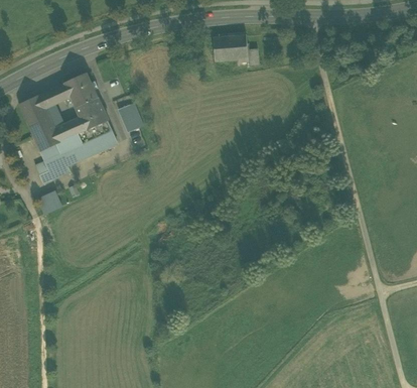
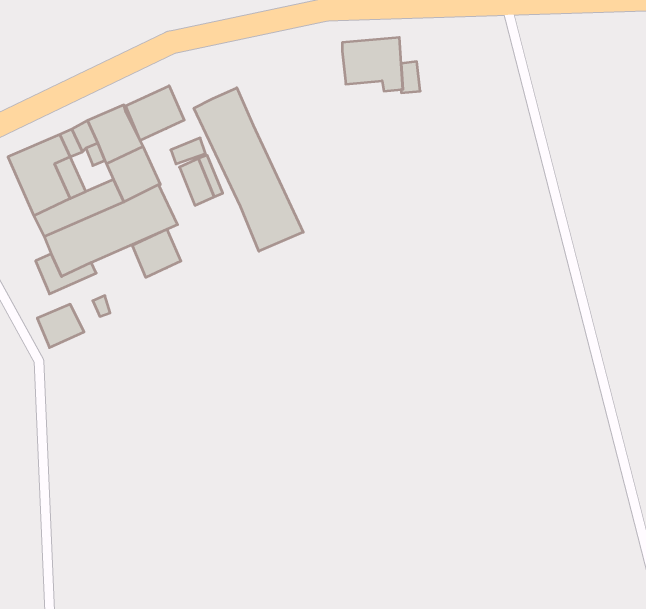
building: none -> [125,86,184,141]
building: none -> [194,88,303,251]
building: none -> [132,229,181,277]

